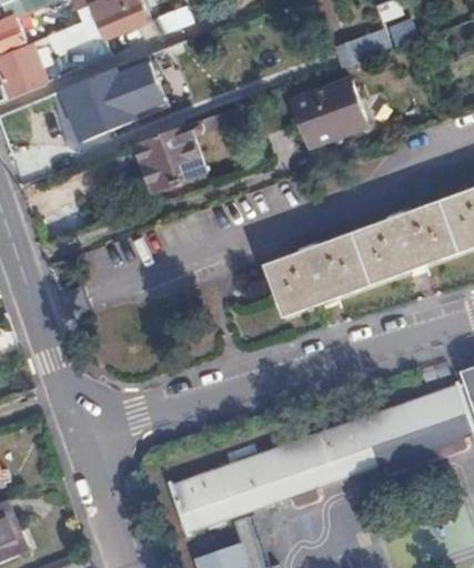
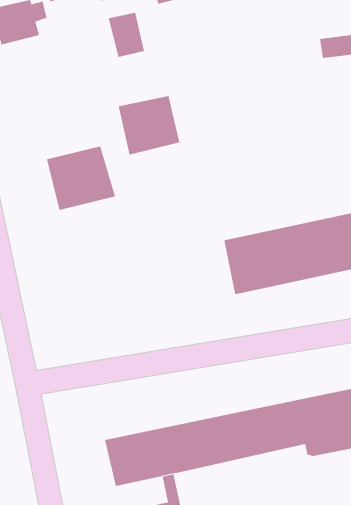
building: [62,67,139,139] -> [46,146,116,211]
building: [292,78,366,146] -> none

